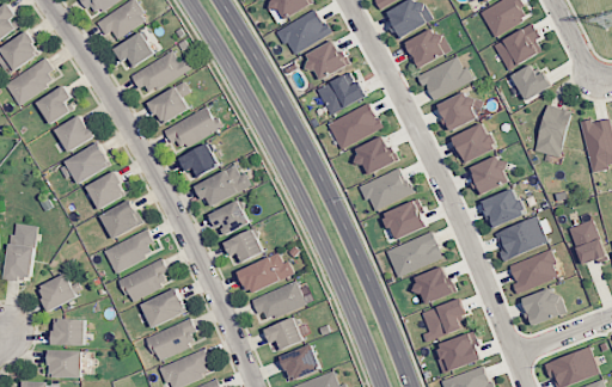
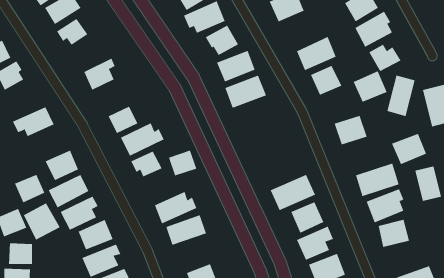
building: [403,26,448,68] -> none
building: [129,53,191,94] -> none
building: [163,105,220,149] -> none
building: [54,115,93,153] -> none
building: [451,122,495,162] -> [353,70,388,102]
building: [353,135,396,174] -> none
building: [360,167,411,211] -> none
building: [86,172,126,209] -> [14,174,45,203]
building: [479,188,525,228] -> [391,133,427,165]
building: [382,199,427,240] -> none
building: [225,231,262,264] -> [168,150,197,176]
building: none -> [23,202,61,241]
building: [264,318,302,351] -> none

